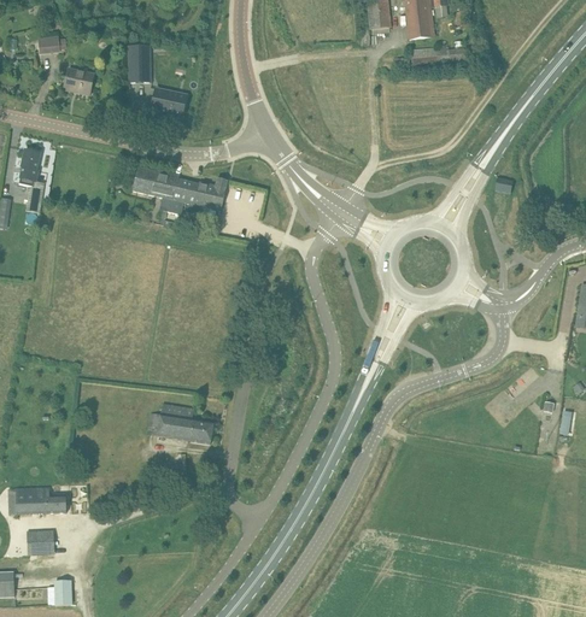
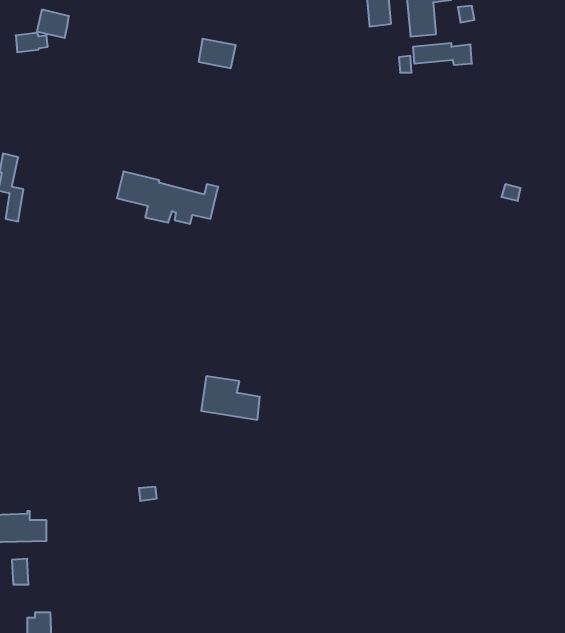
building: [128,45,150,82] -> none
building: [63,67,93,94] -> [37,10,69,38]
building: [152,86,187,113] -> [199,39,236,68]
building: [157,402,212,443] -> [201,376,260,420]

